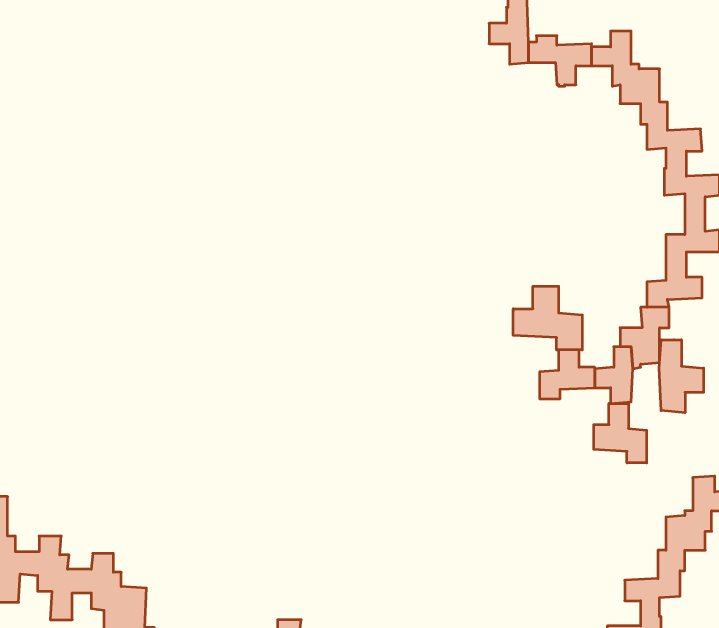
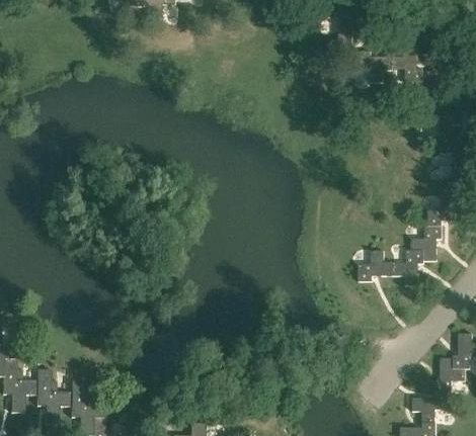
building: [513,286,582,350] -> none
building: [659,340,704,413] -> none
building: [594,403,647,463] -> none

